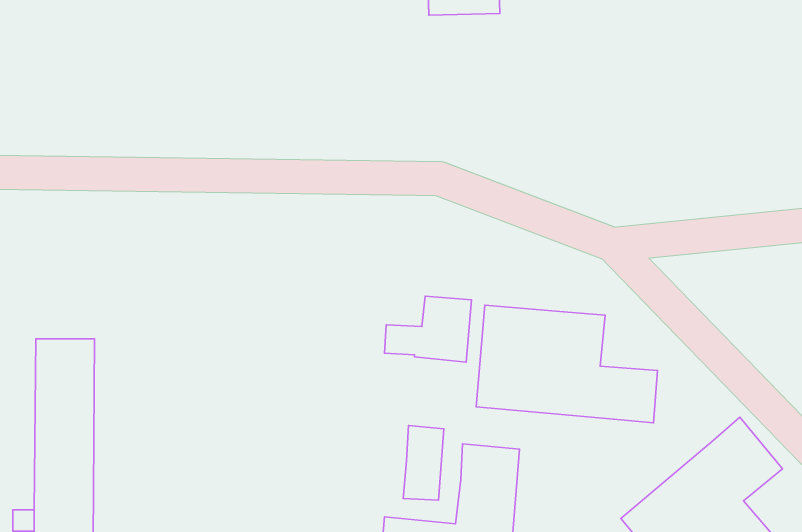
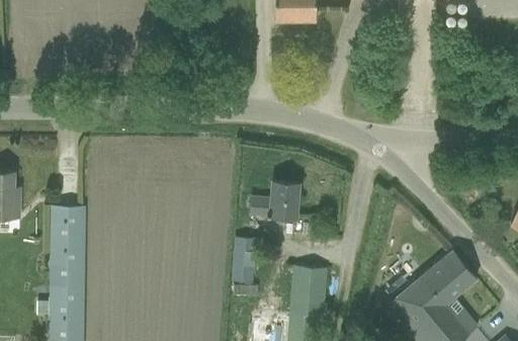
building: [476,305,657,423] -> none
building: [403,425,444,500] -> [233,237,256,279]

